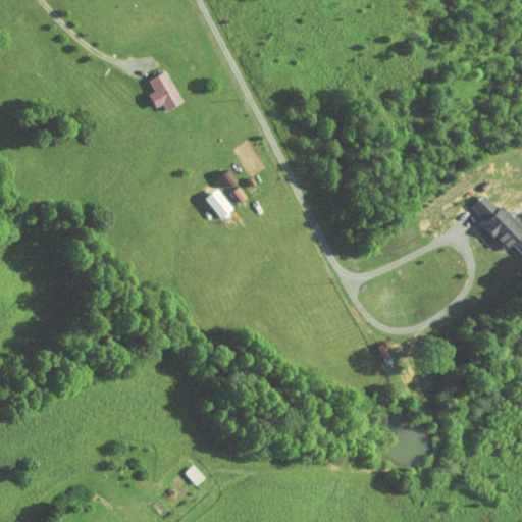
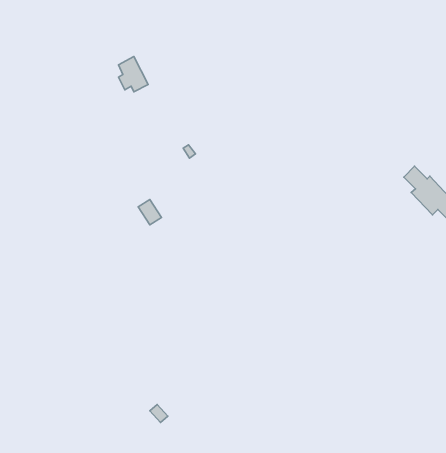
building: [205,190,231,218] -> [138,200,161,225]

